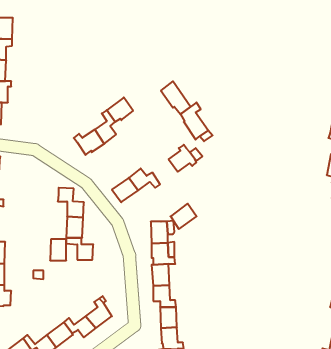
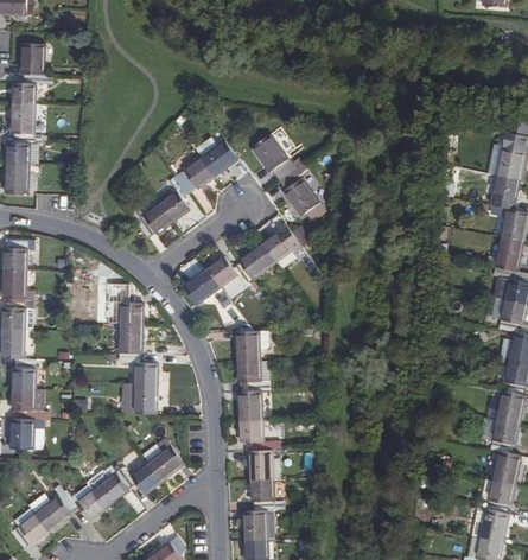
building: none -> [199,139,237,174]
building: [170,204,197,229] -> [238,242,275,278]
building: [50,239,66,260] -> [133,383,155,413]

